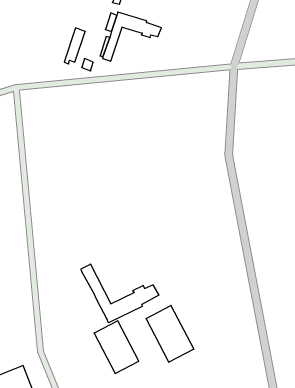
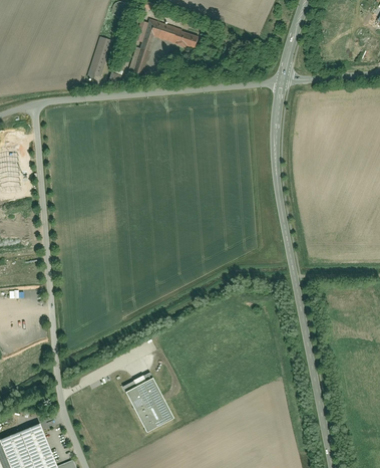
building: [81,264,159,323] -> none
building: [146,305,194,362] -> none

